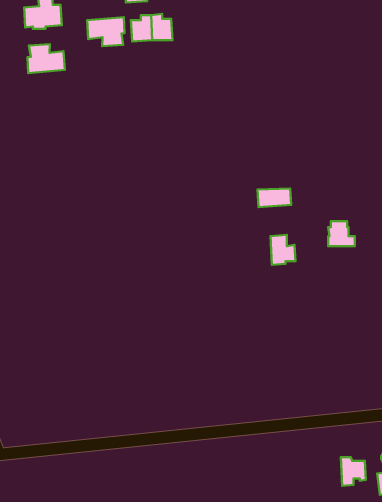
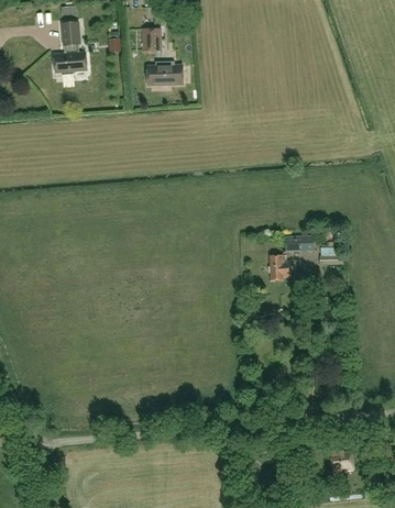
building: [87,17,125,46] -> none
building: [28,44,65,73] -> none
building: [257,188,291,207] -> [284,236,314,253]

